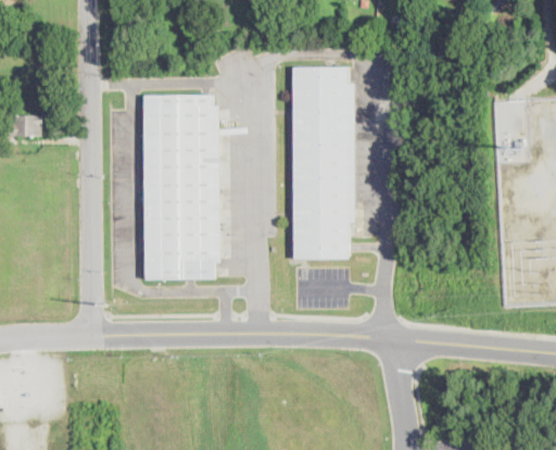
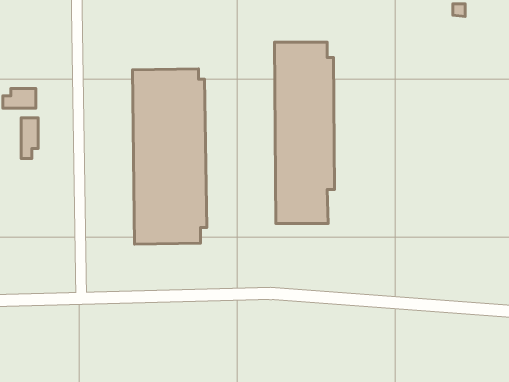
building: none -> [21,118,38,159]

